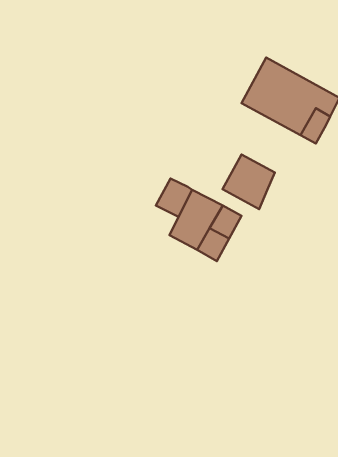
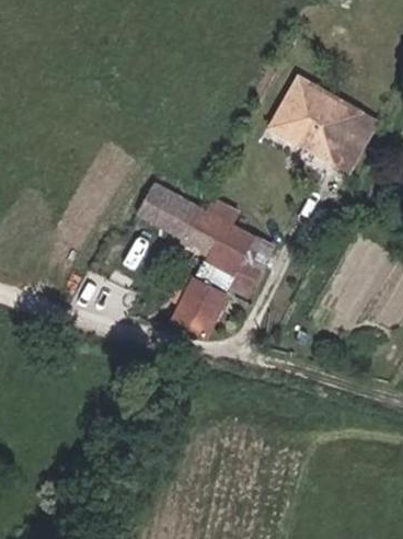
building: none -> [136,182,200,237]
building: [223,155,275,209] -> none
building: none -> [172,276,224,334]

